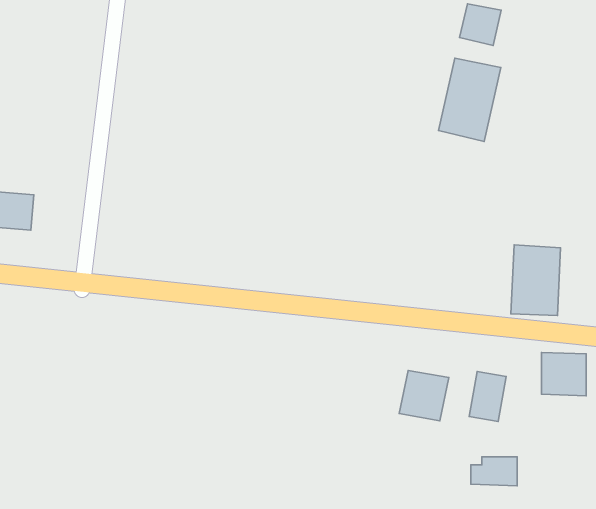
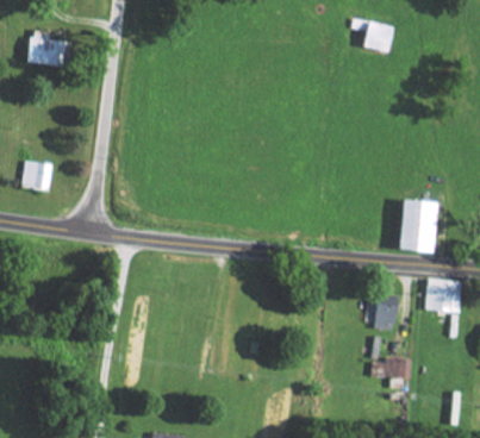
building: none -> [30,30,62,64]
building: [438,58,501,142] -> none
building: [399,370,449,421] -> none

